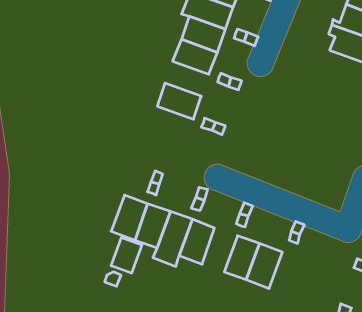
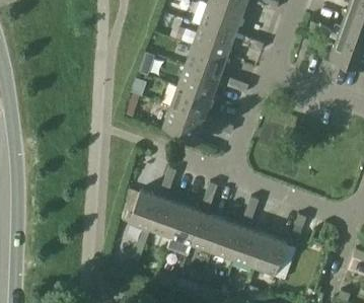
building: none -> [178,67,219,99]
building: none -> [163,108,205,142]
building: none -> [213,221,245,261]
building: [111,238,142,273] -> none

